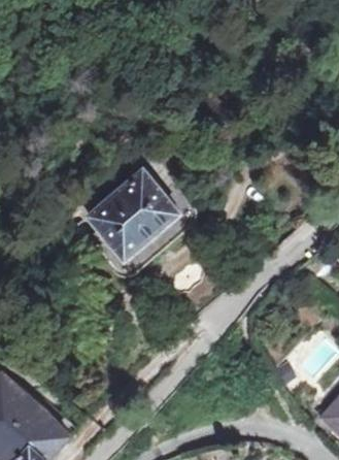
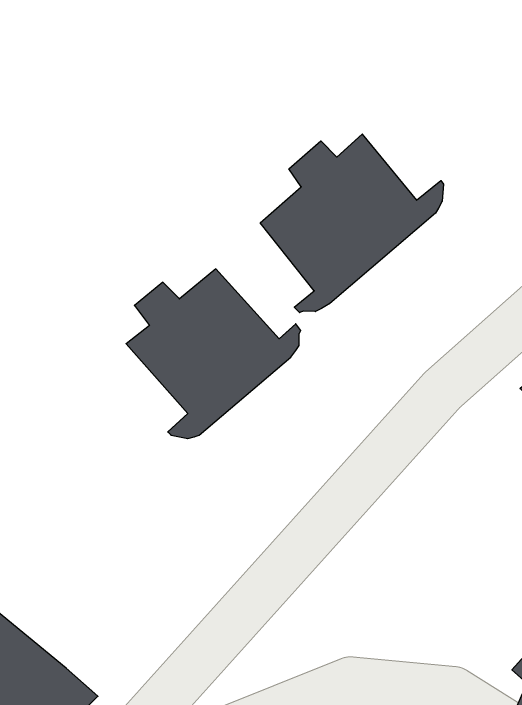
building: none -> [260,134,443,313]

